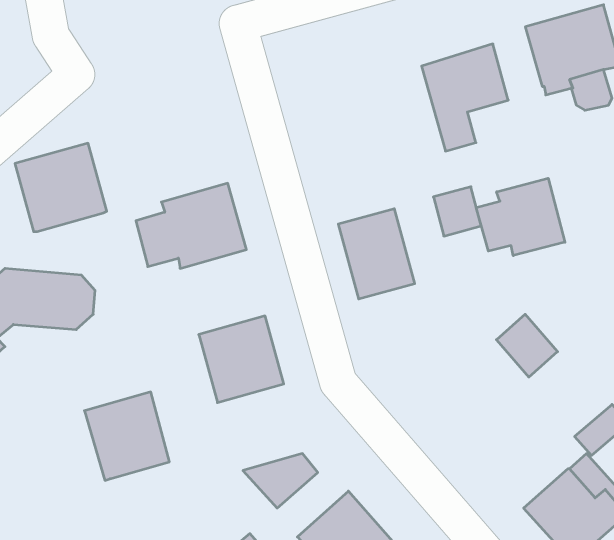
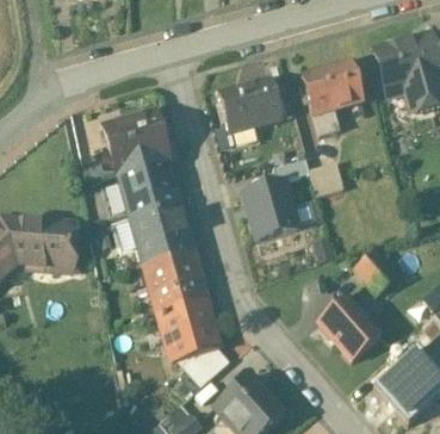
building: none -> [218,78,281,132]
building: [15,143,107,232] -> [104,108,168,171]
building: [476,178,565,256] -> none
building: none -> [132,204,192,264]
building: none -> [317,296,382,360]
building: [84,392,169,480] -> [159,298,218,360]

